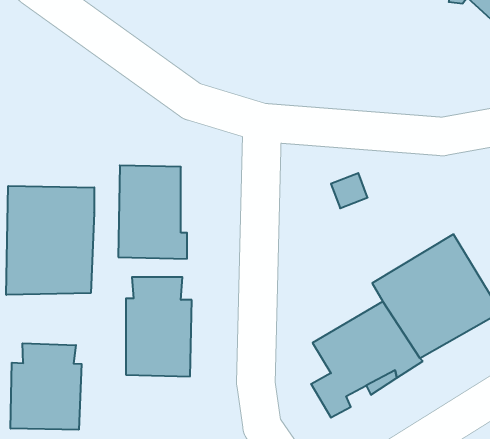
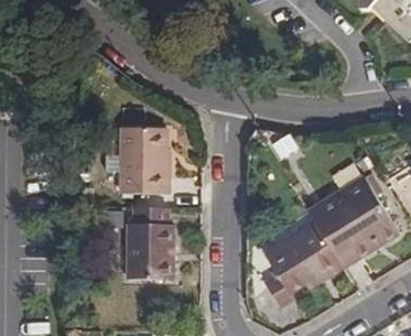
building: [6,186,94,295] -> none
building: [11,343,82,430] -> none

